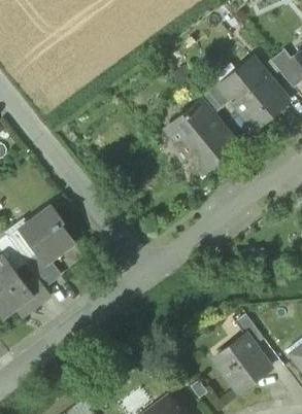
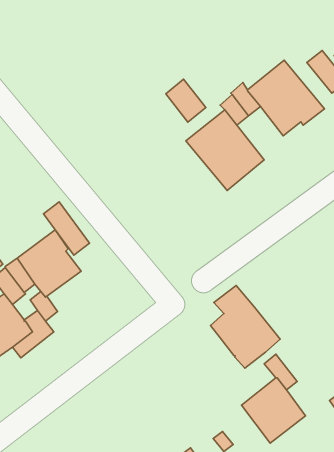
building: none -> [166,79,206,122]
building: none -> [44,202,89,255]
building: none -> [211,285,280,368]

